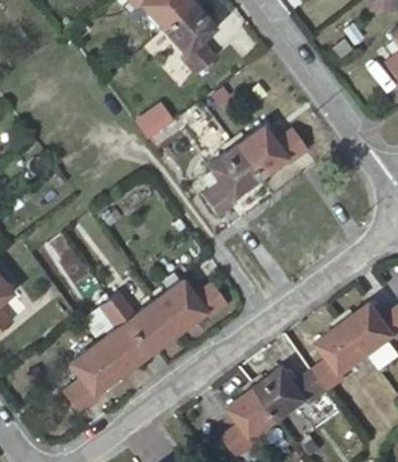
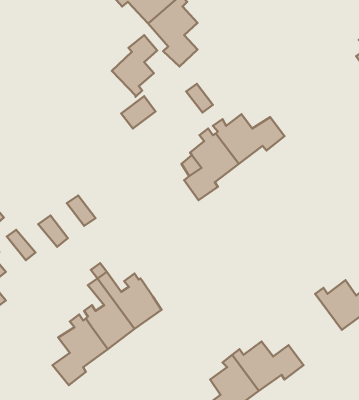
building: none -> [112,35,157,97]
building: [153,280,228,333] -> none
building: [313,316,370,392] -> none

